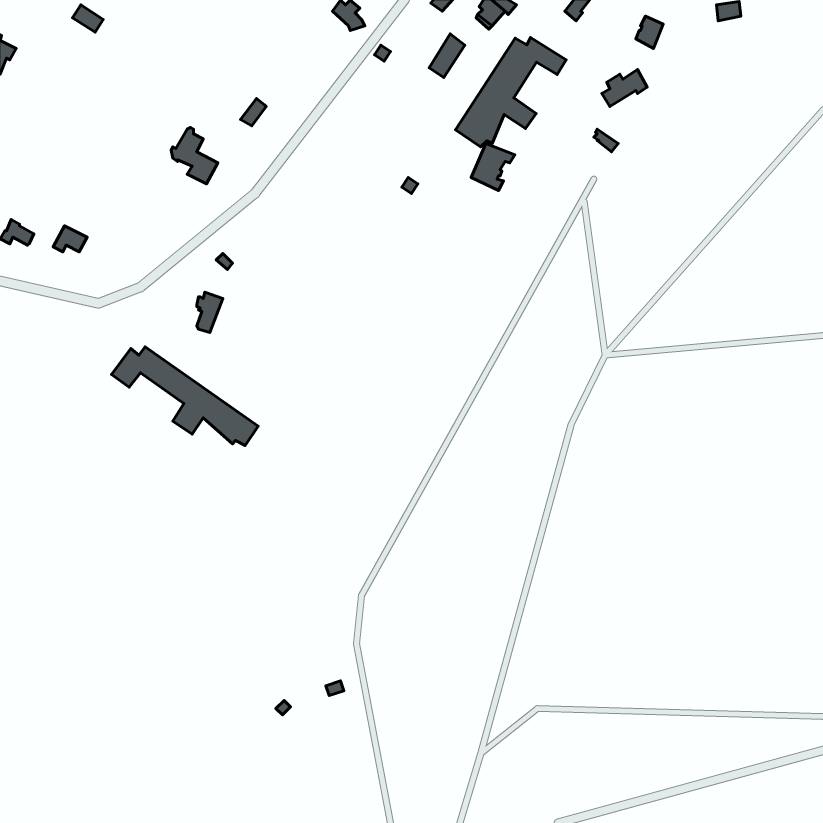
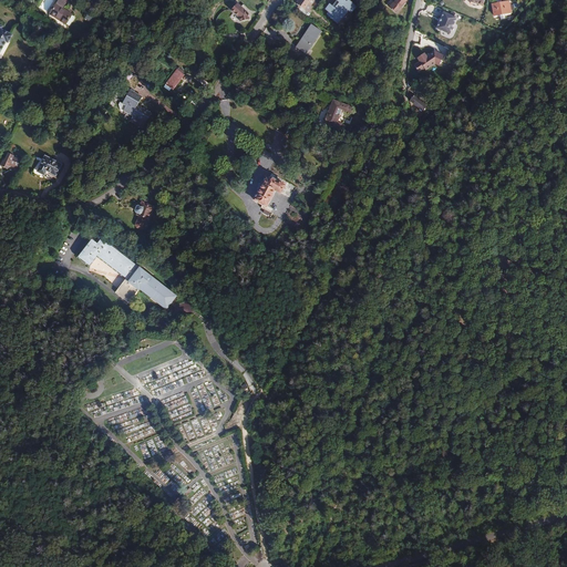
building: [455,38,566,147] -> none
building: none -> [252,176,284,214]

